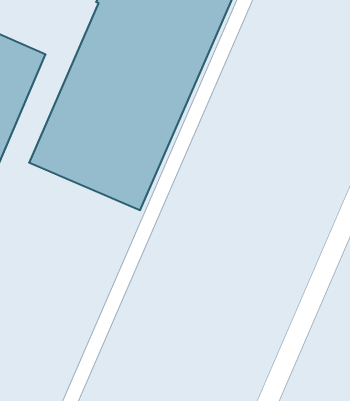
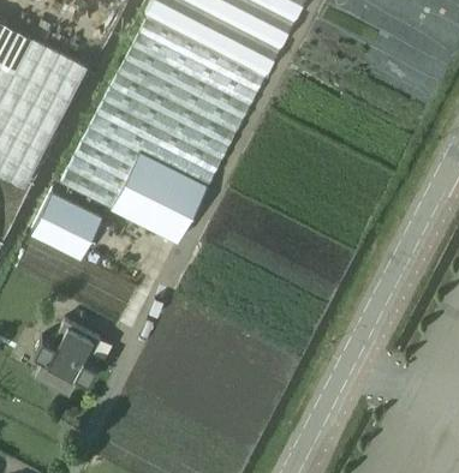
building: none -> [32,190,106,258]
building: none -> [35,321,102,394]

